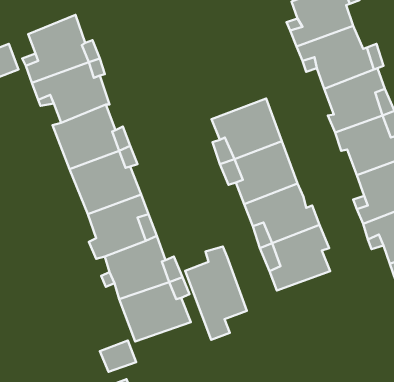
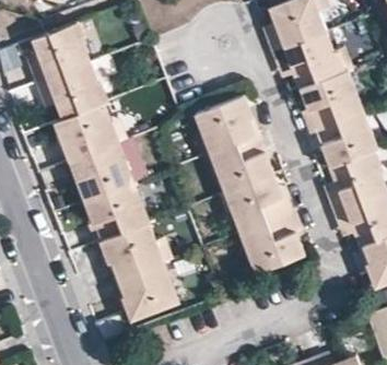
building: [185,247,247,340] -> none

